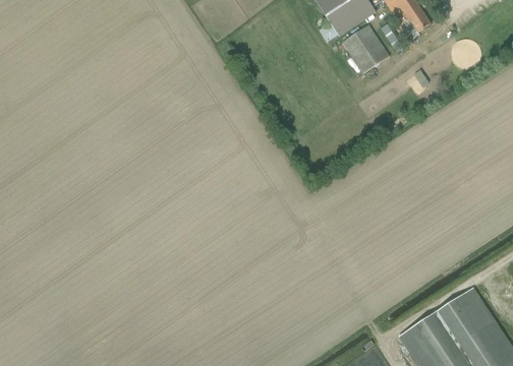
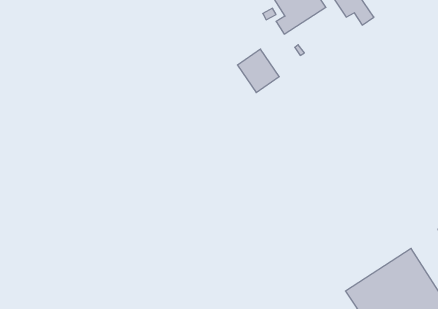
building: [342,23,390,73] -> [237,49,279,93]

